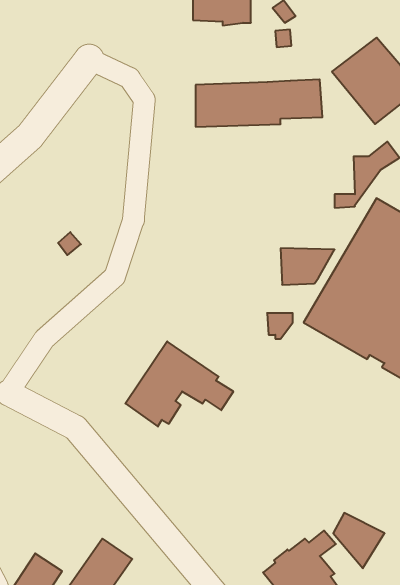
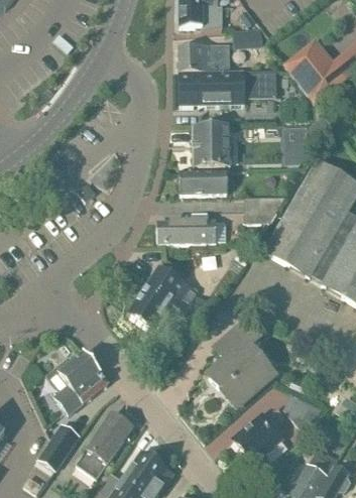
building: none -> [179,43,230,71]
building: none -> [192,124,231,165]
building: none -> [180,169,228,193]
building: none -> [158,219,226,242]
building: none -> [207,318,277,407]
building: none -> [52,351,108,414]

